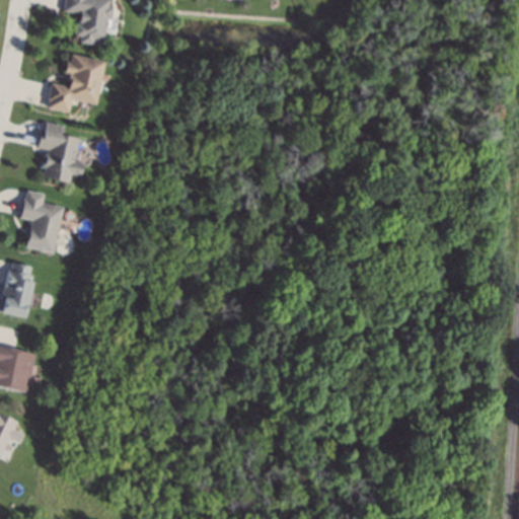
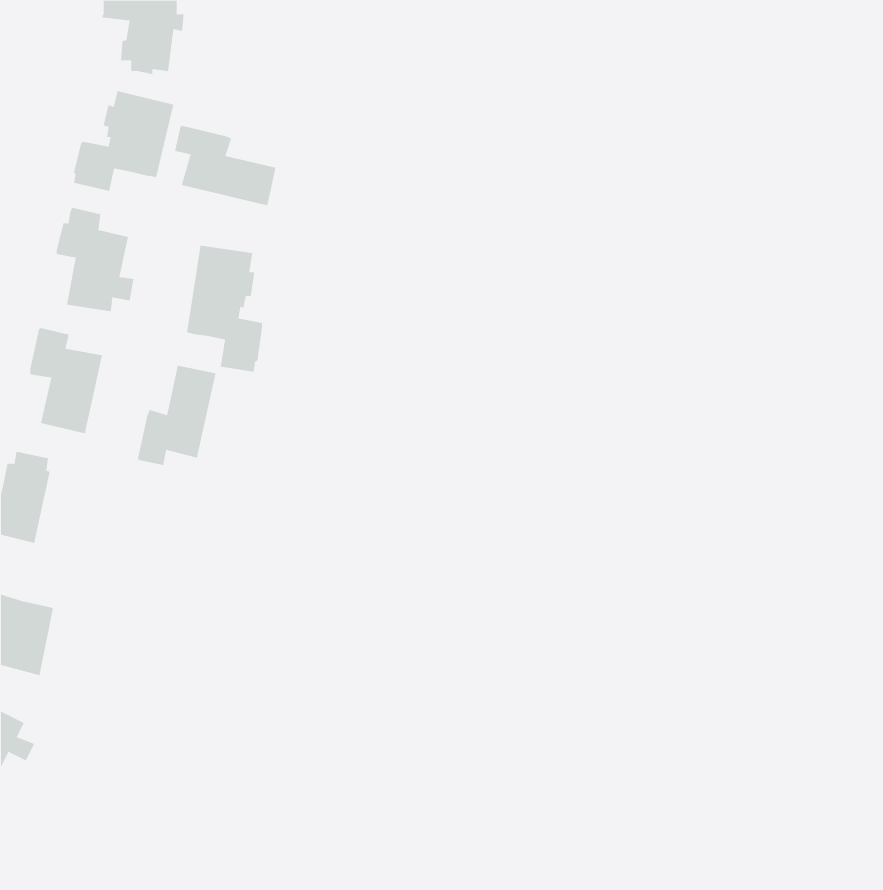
building: none -> [174,125,276,206]
building: none -> [187,245,263,372]
building: none -> [137,365,216,466]

